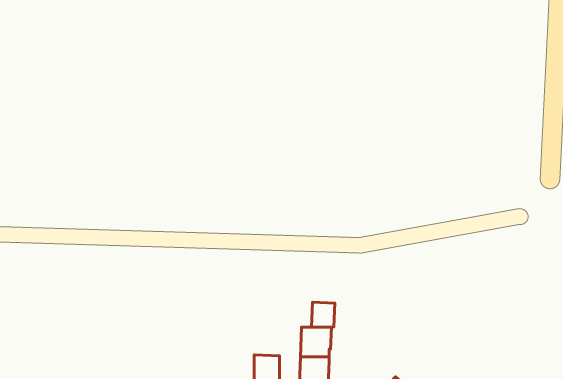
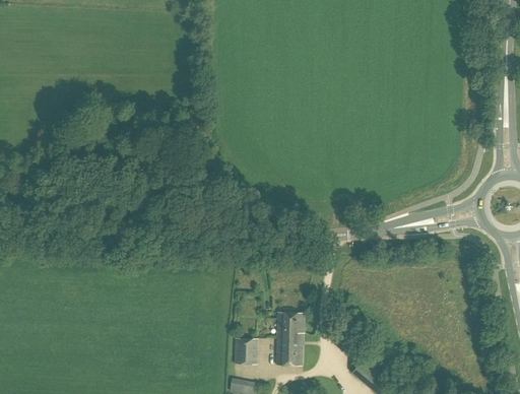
building: [311,302,335,327] -> none

